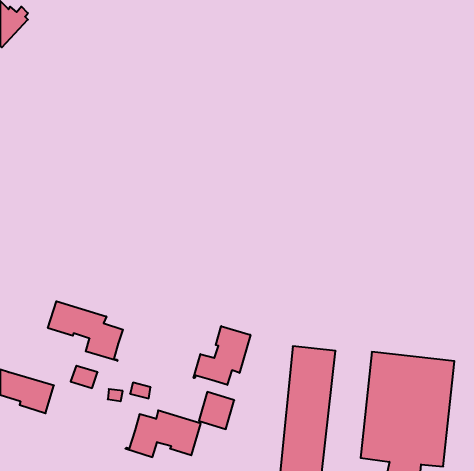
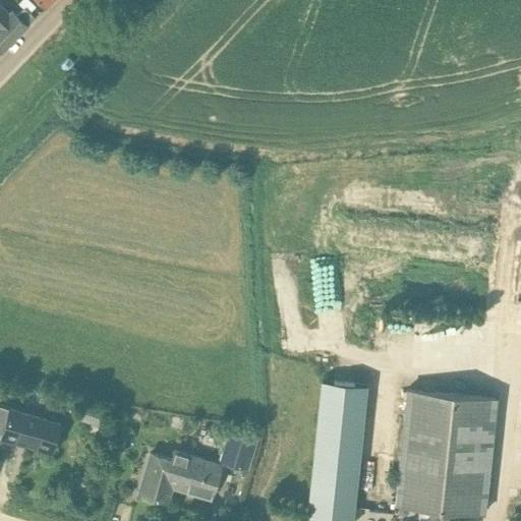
building: [48,301,123,361] -> none
building: [194,326,250,385] -> none

